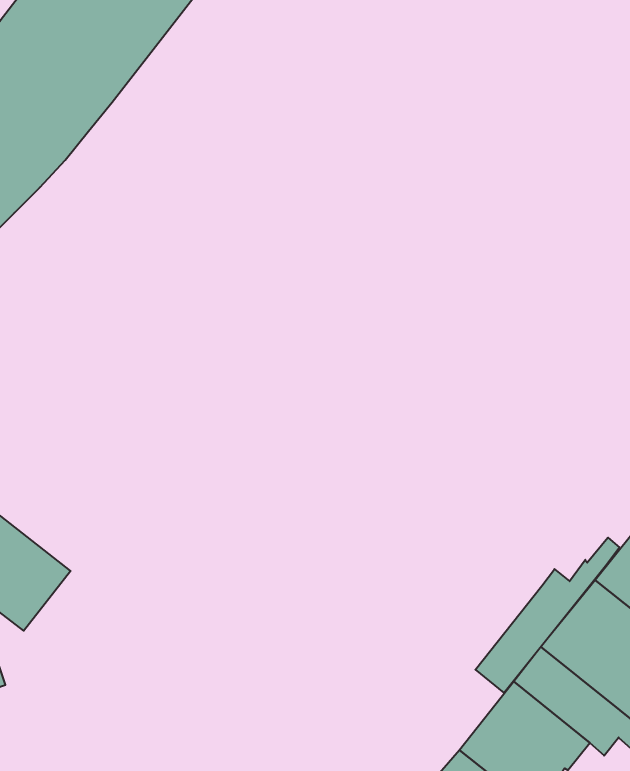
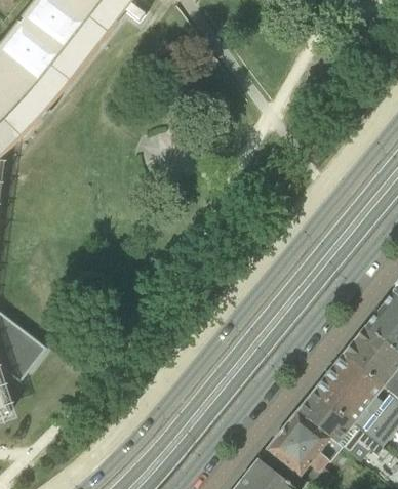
building: [475,538,619,693] -> none

